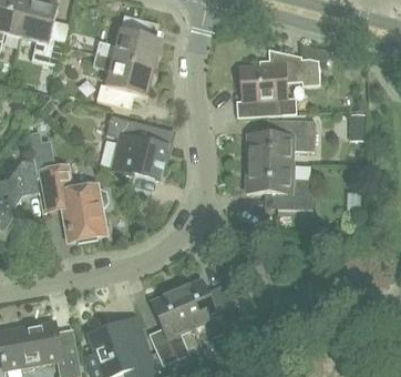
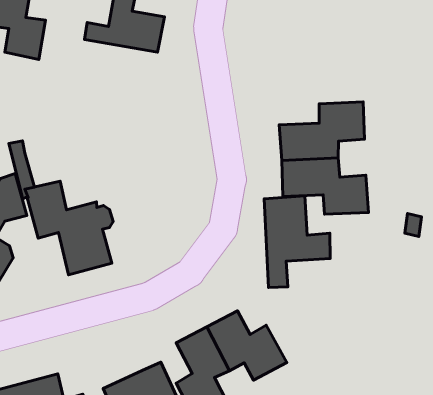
building: [236,49,319,116] -> none
building: [92,53,153,108] -> none
building: [105,114,167,179] -> none
building: none -> [264,196,330,288]

